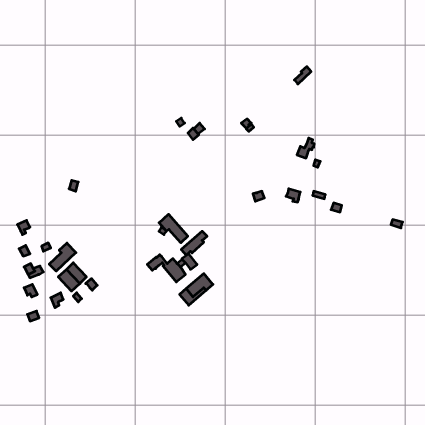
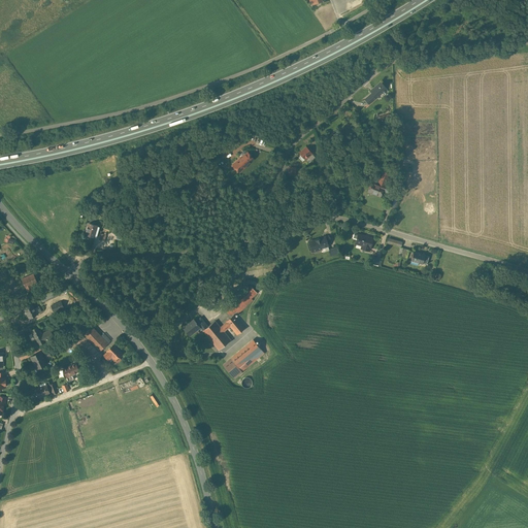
building: [159,214,188,243] -> none
building: [49,243,76,271] -> none

